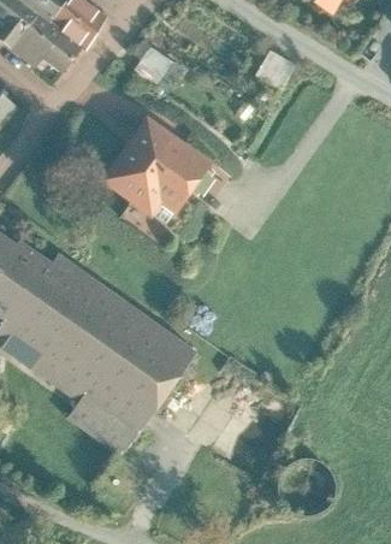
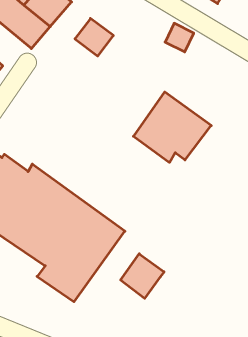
building: [99,114,213,218] -> [133,92,211,162]
building: none -> [121,254,164,298]

